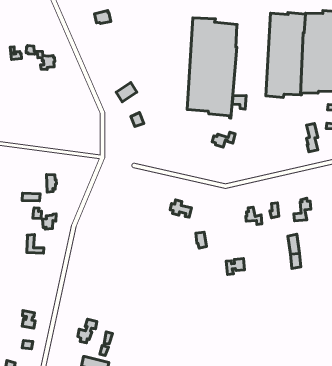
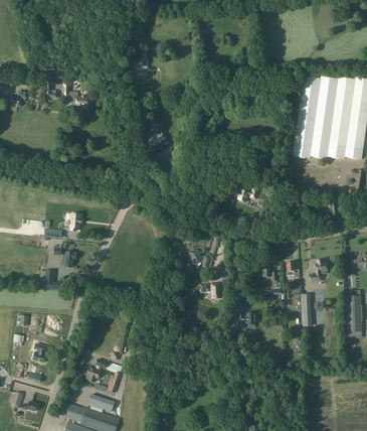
building: [187,18,237,118] -> none

